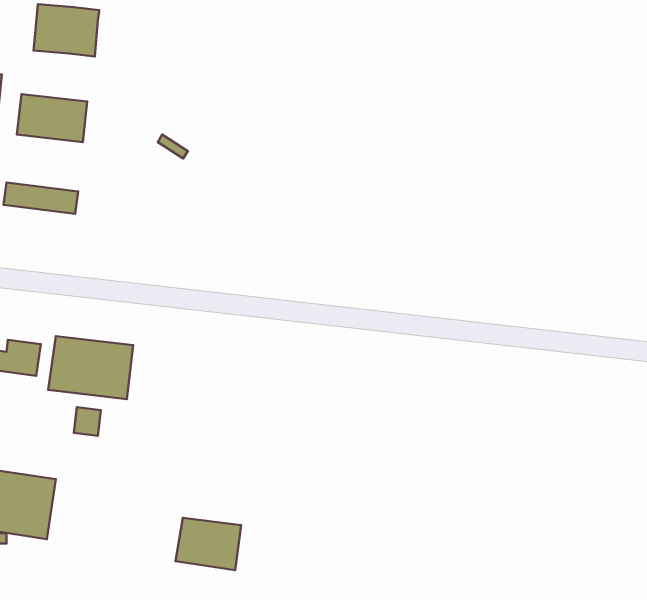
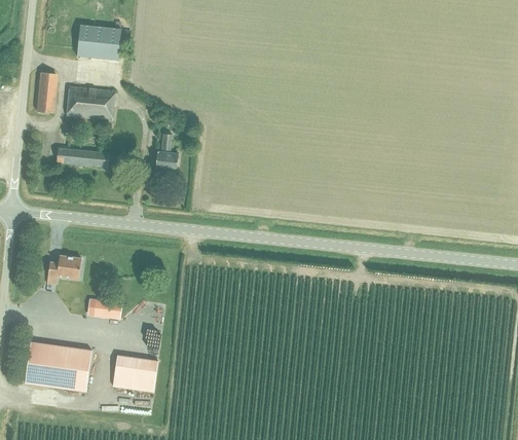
building: none -> [153,134,176,173]
building: [48,336,133,399] -> none
building: [175,518,241,570] -> [112,355,157,391]

